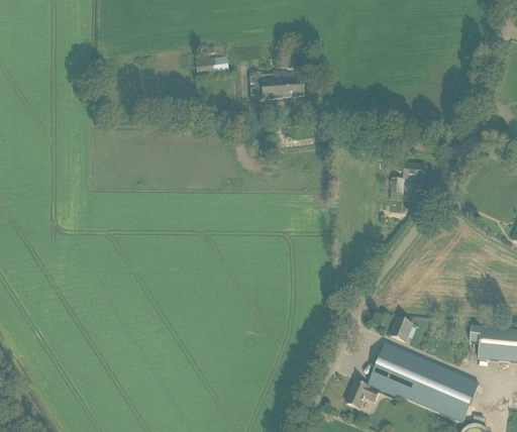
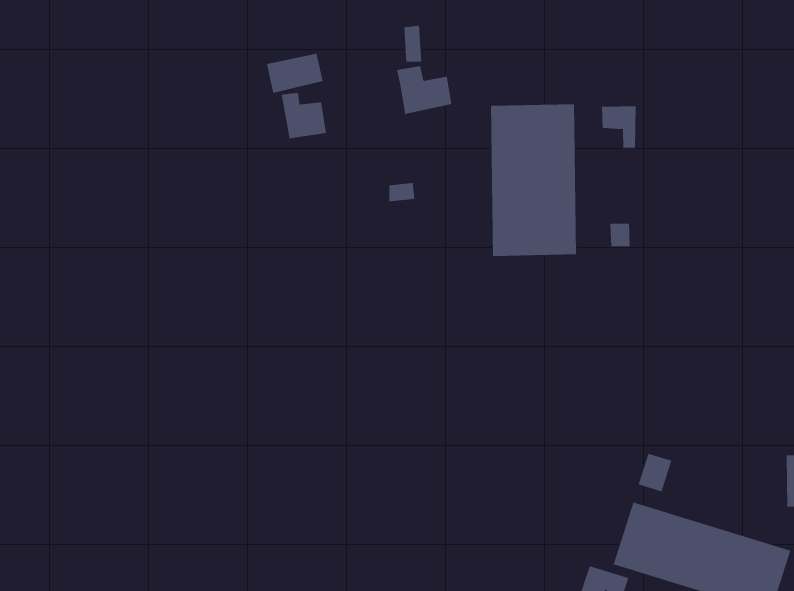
building: [248,71,274,98] -> [281,92,327,139]
building: none -> [490,103,576,257]
building: [403,161,425,189] -> [601,106,636,148]

